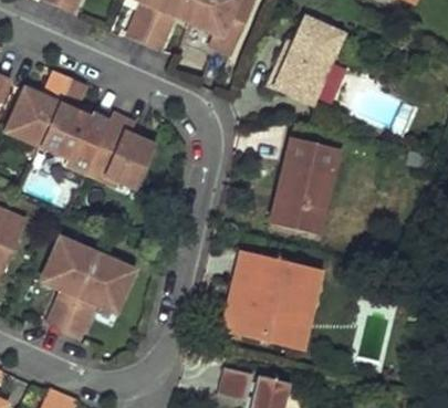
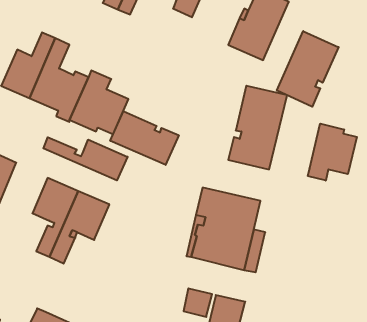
building: none -> [277,31,339,107]
building: none -> [110,111,179,165]
building: none -> [308,124,357,181]
building: none -> [43,137,128,180]

